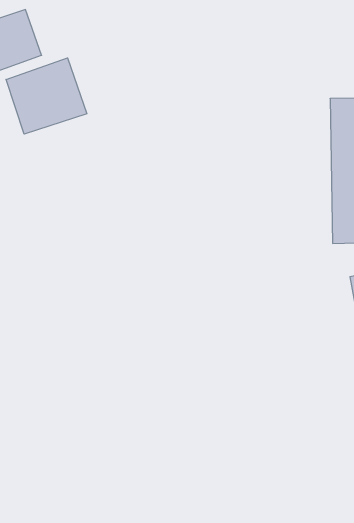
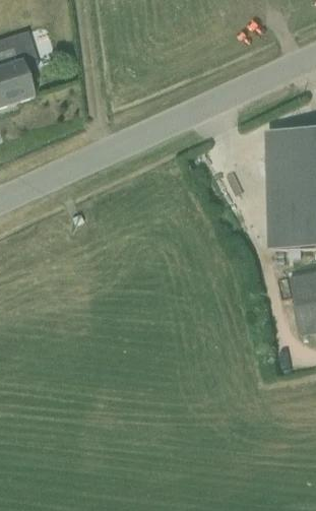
building: [6,58,87,134] -> none

